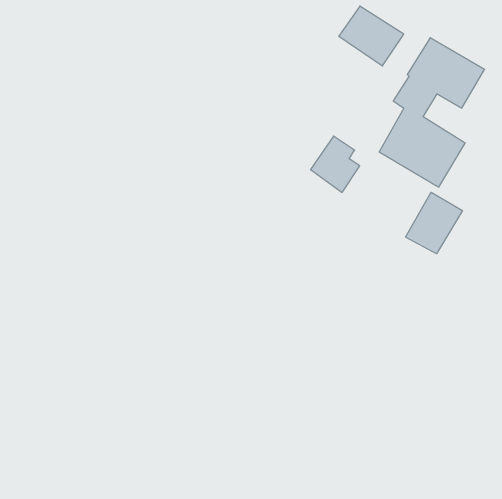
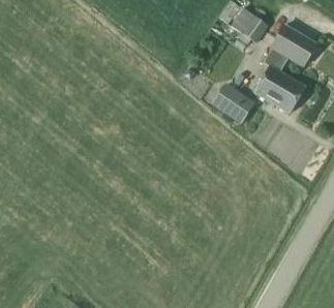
building: [406,192,463,254] -> none

